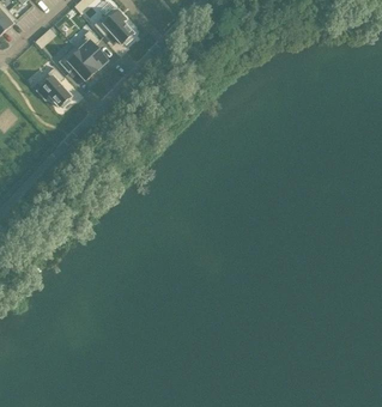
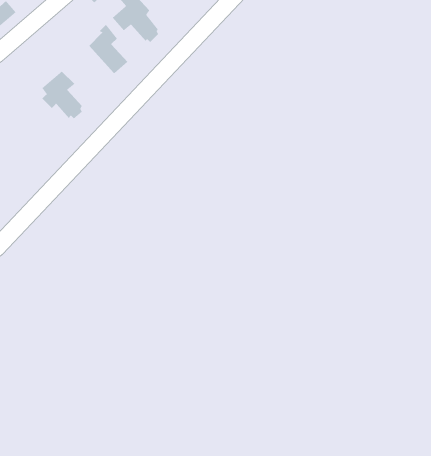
building: [57,45,96,79] -> none

